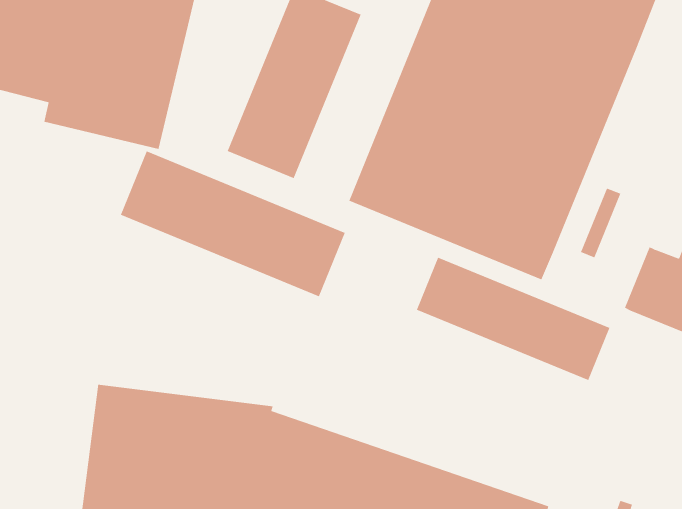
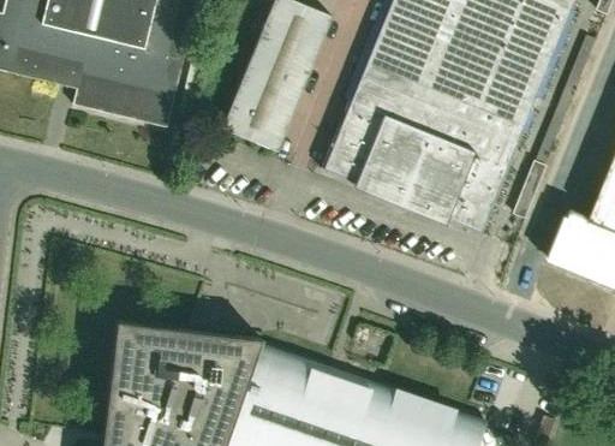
building: [120,151,346,297] -> none
building: [416,257,610,381] -> none

